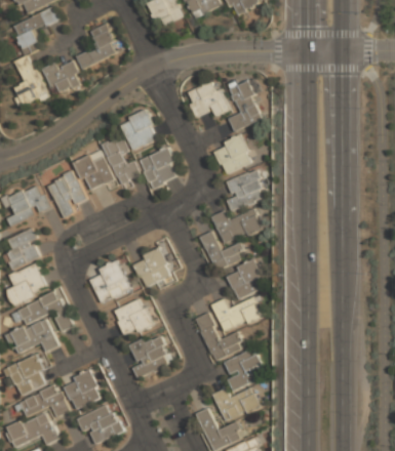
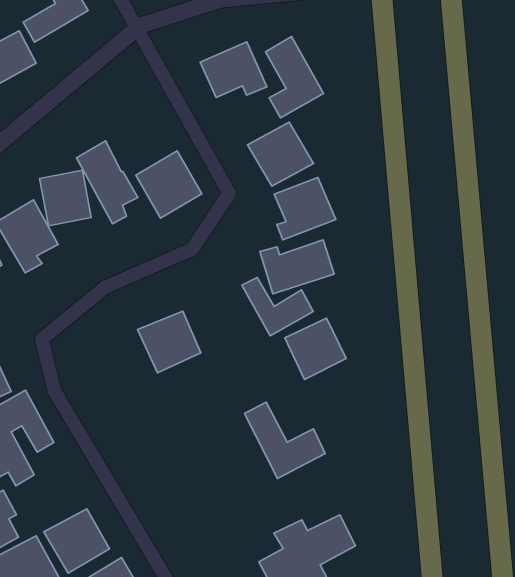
building: [120,110,158,150] -> none
building: [89,259,129,302] -> none
building: [113,297,152,336] -> none
building: [210,297,261,333] -> none
building: [126,332,172,377] -> none
building: [222,348,264,388] -> none

